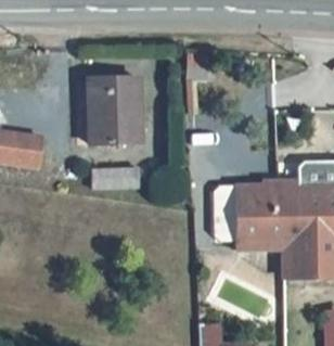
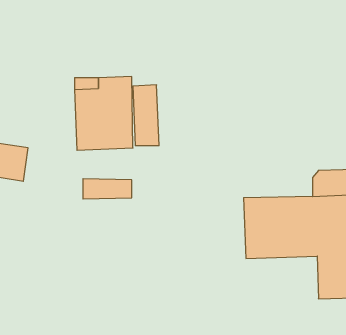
building: [235,240,301,279] -> none

